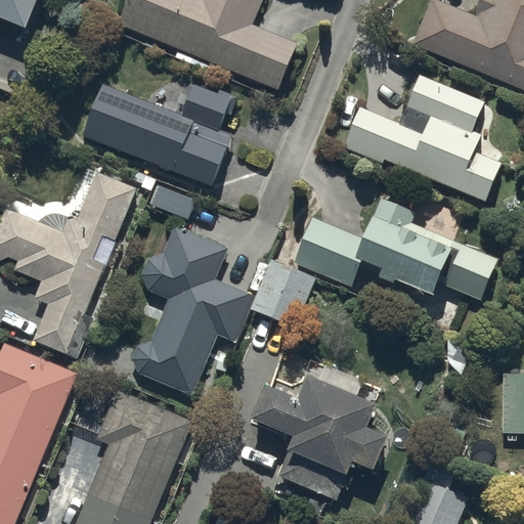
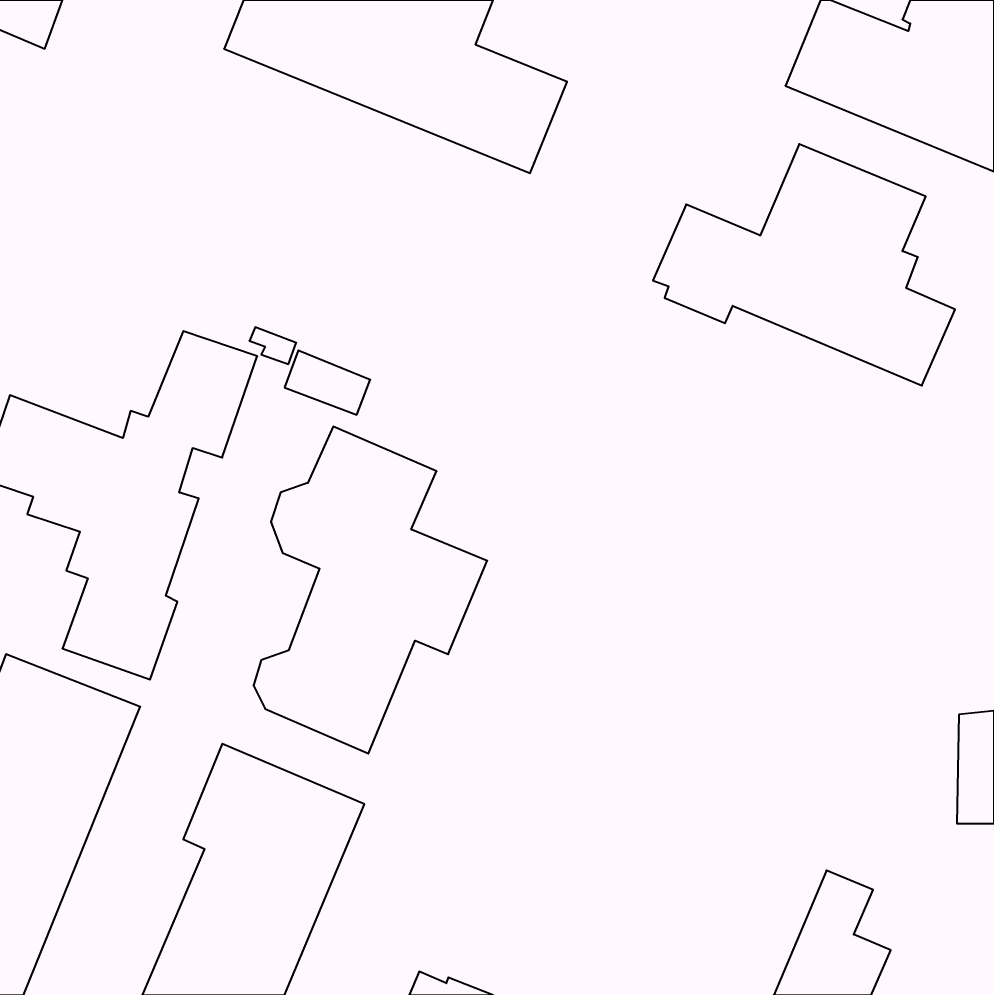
building: [82,85,237,187] -> none
building: [294,198,498,300] -> none
building: [252,258,316,326] -> none
building: [250,361,387,497] -> none

